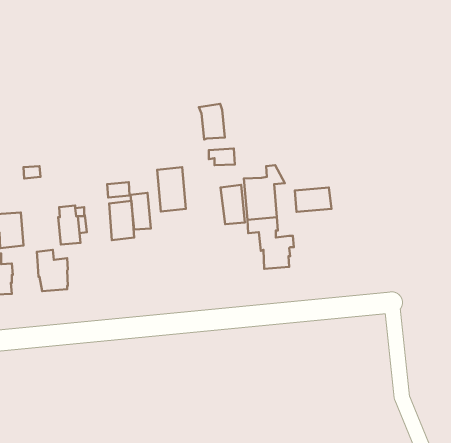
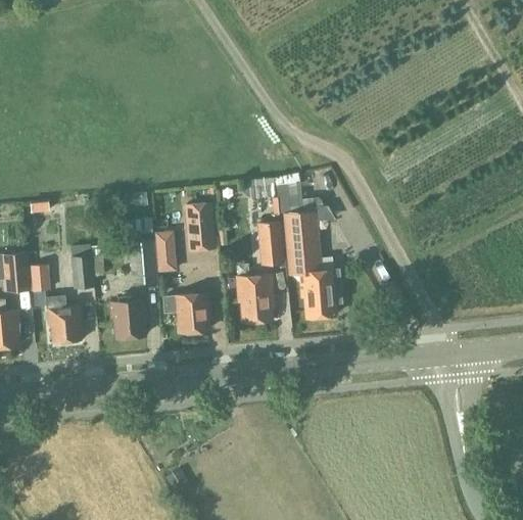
building: [199,104,225,139] -> [275,175,304,216]
building: [295,188,332,212] -> none
building: none -> [32,261,52,291]
building: none -> [237,275,274,324]
building: none -> [163,295,210,333]
building: none -> [111,300,147,338]

